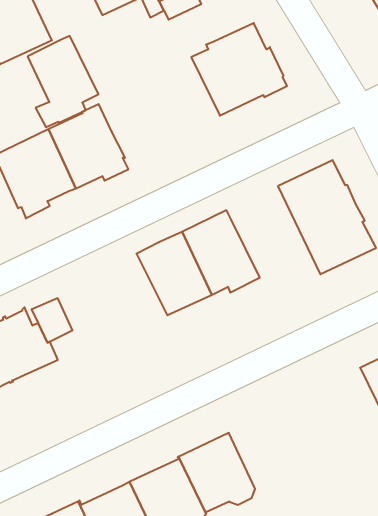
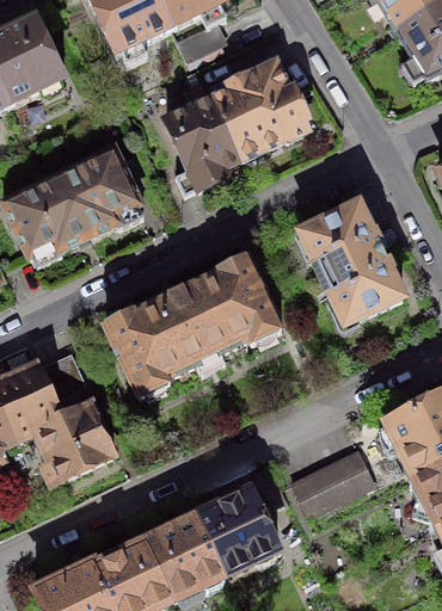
building: [28,36,98,127] -> [165,97,239,192]
building: none -> [105,302,184,399]
building: none -> [35,399,113,482]
building: none -> [290,446,373,513]

